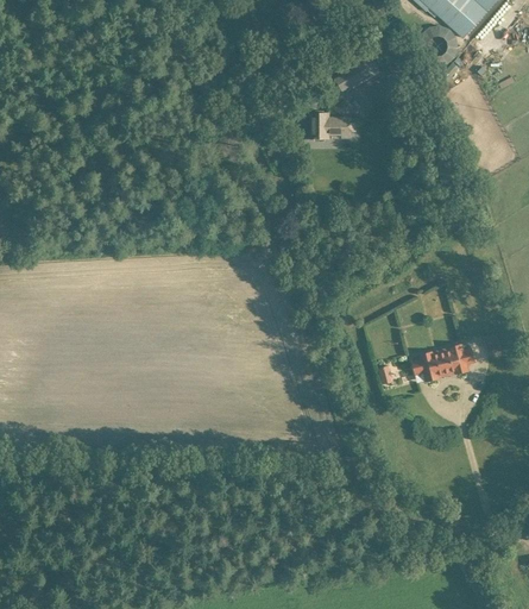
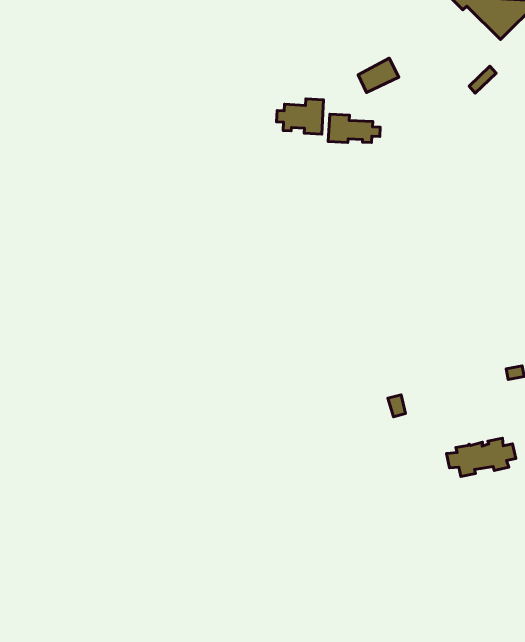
building: none -> [276,99,324,134]
building: [415,344,478,381] -> [446,438,516,476]

